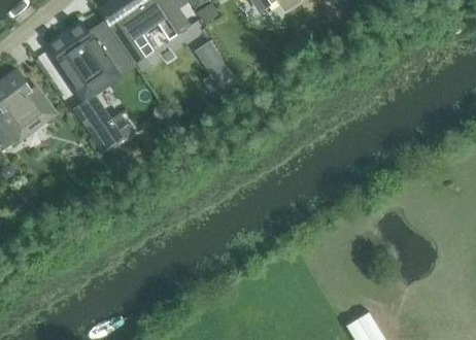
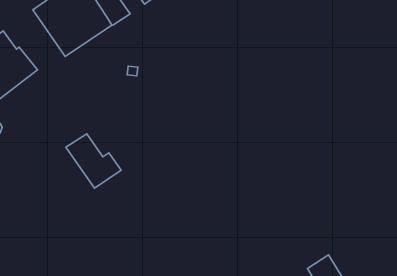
building: [195,41,234,87] -> none
building: [72,94,132,152] -> [66,134,121,188]

